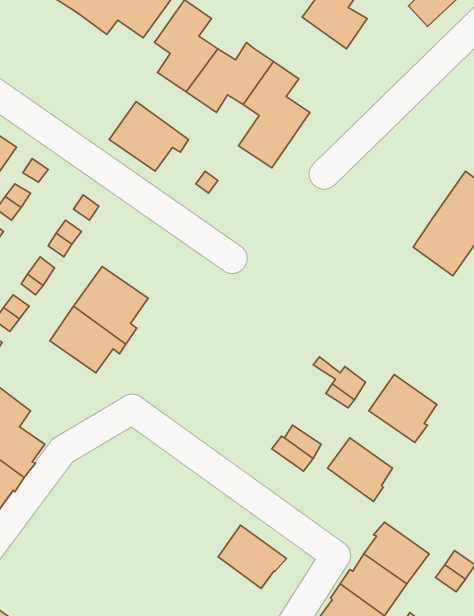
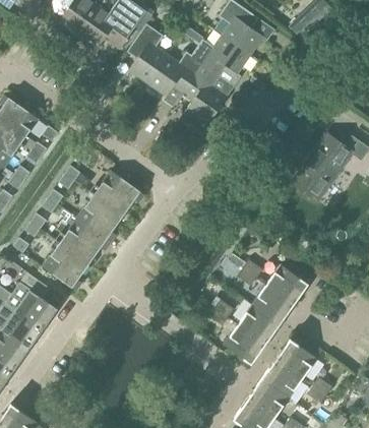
building: none -> [191,36,250,75]
building: [109,101,188,171] -> [94,171,144,216]
building: none -> [43,243,89,291]
building: none -> [252,288,294,324]
building: none -> [274,340,317,379]
building: [218,525,286,589] -> [224,324,267,365]

